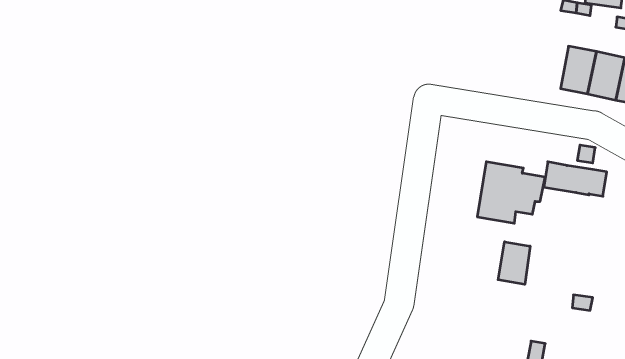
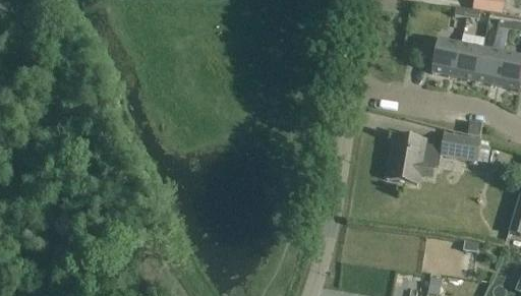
building: none -> [431,38,460,76]
building: [498,242,530,284] -> none

